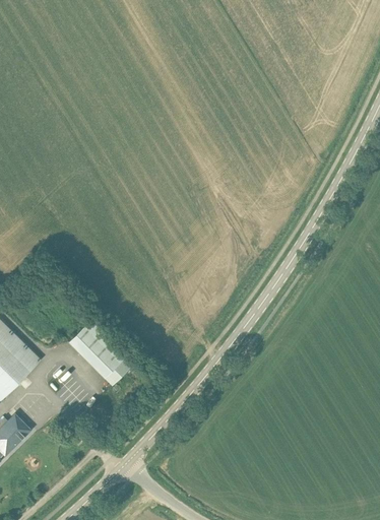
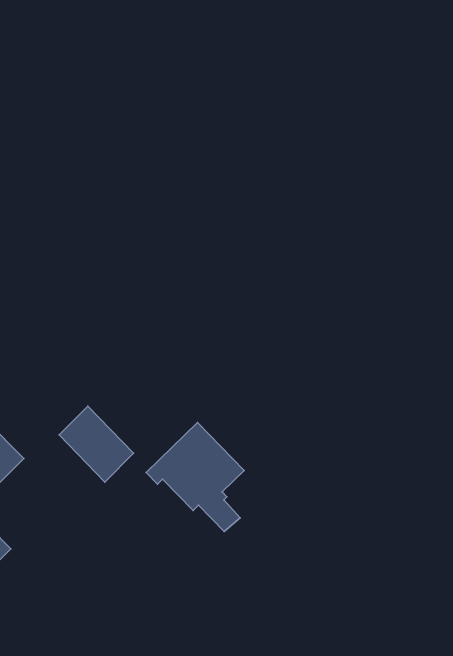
building: none -> [146,423,244,532]

